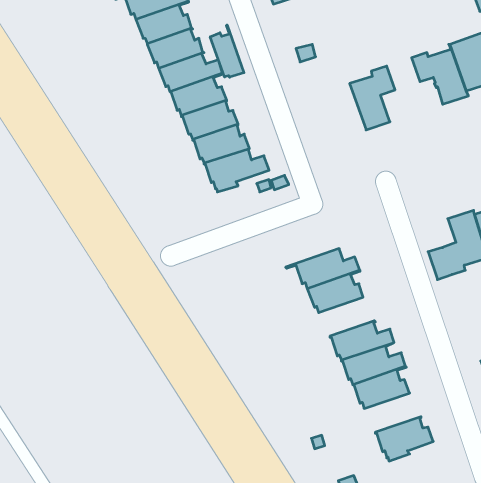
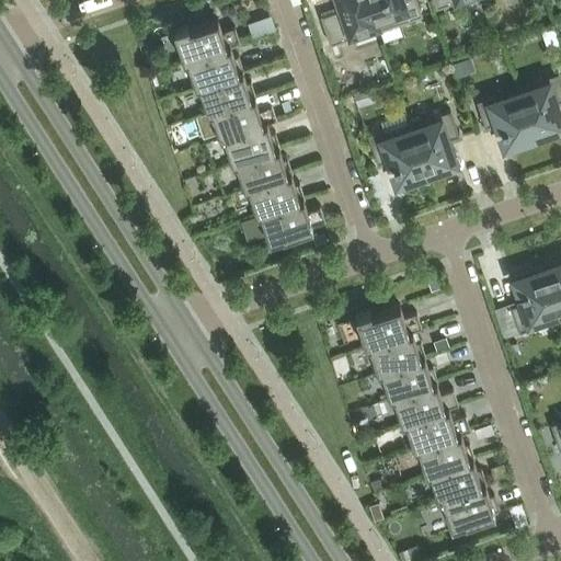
building: [210,25,244,77] -> none
building: none -> [367,133,428,192]
building: none -> [378,359,437,401]
building: none -> [426,461,486,503]

